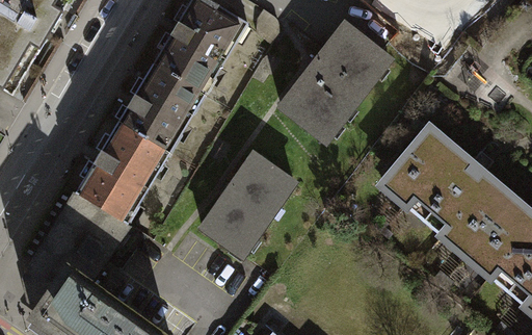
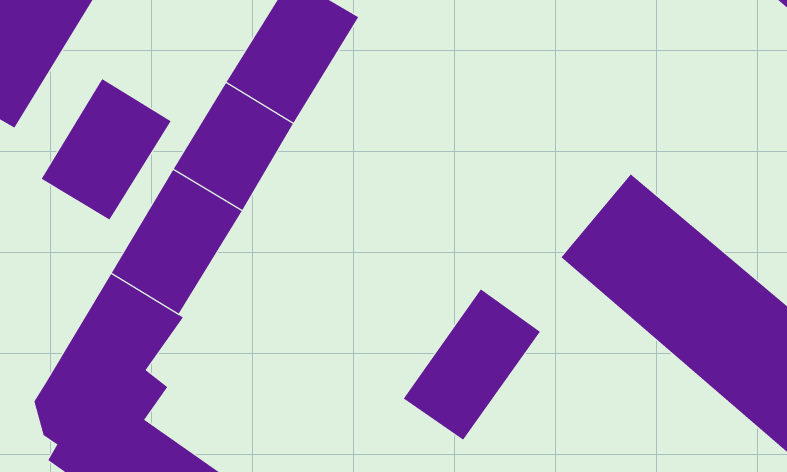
building: [282,25,391,143] -> none
building: none -> [41,78,172,220]
building: [203,154,295,256] -> [403,289,541,440]

